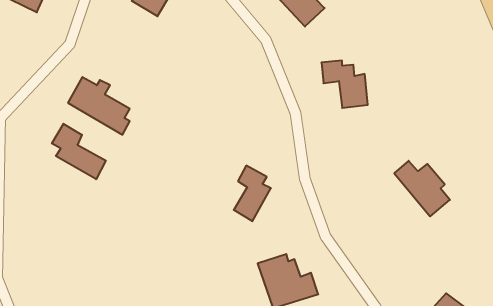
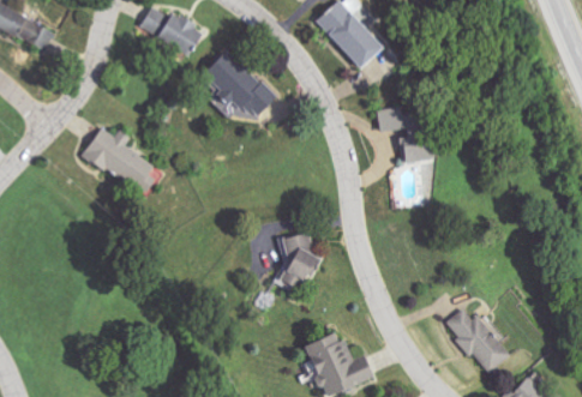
building: none -> [202,48,275,116]
building: [52,124,106,179] -> none
building: [394,161,450,216] -> [445,309,510,374]

